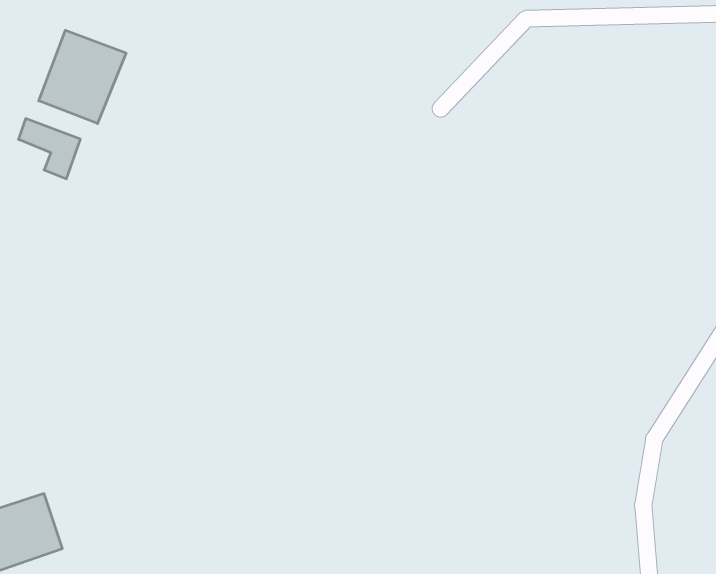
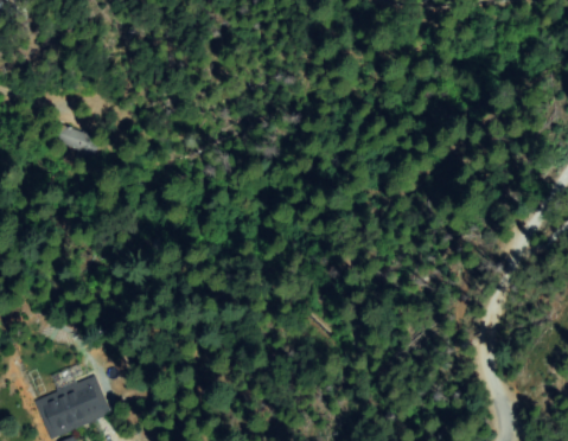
building: [39,30,126,124] -> none

